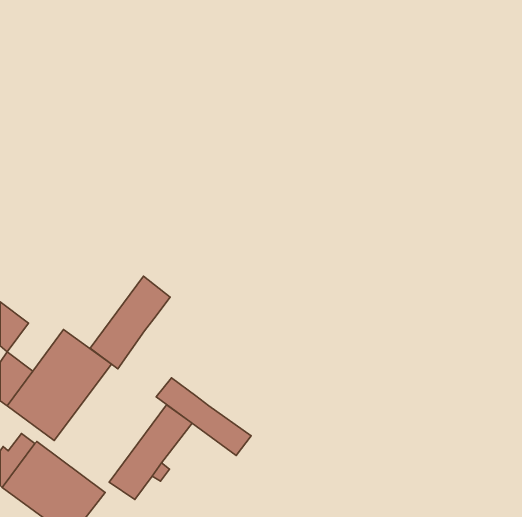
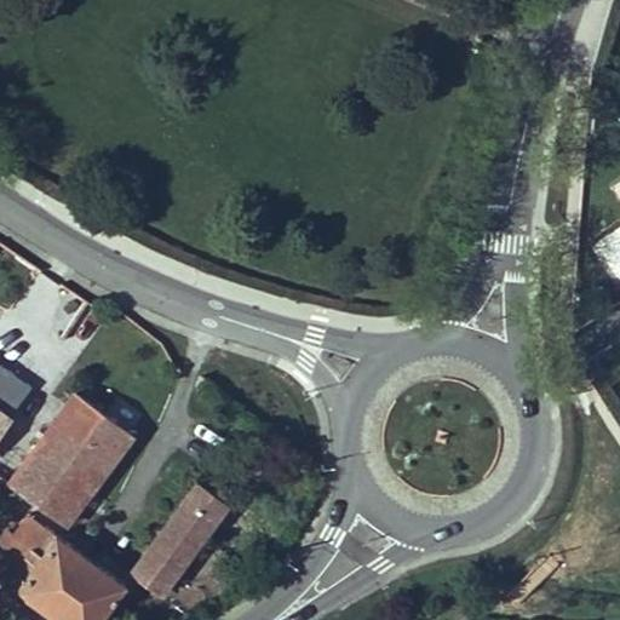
building: [90,276,170,369] -> none
building: [156,378,251,456] -> none

